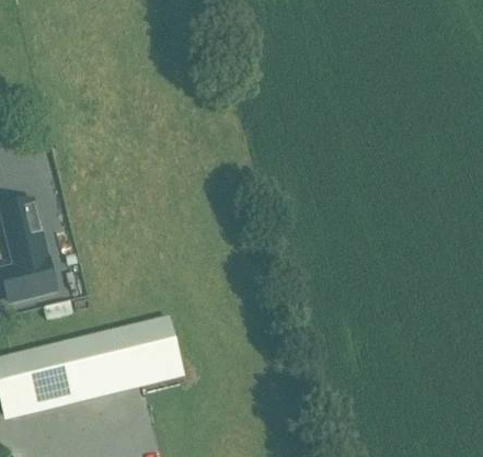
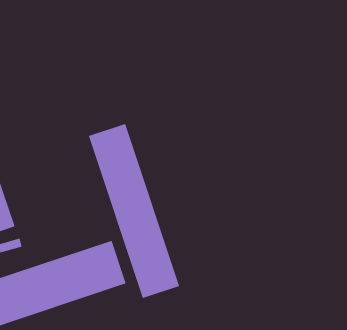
building: none -> [88,123,180,299]

